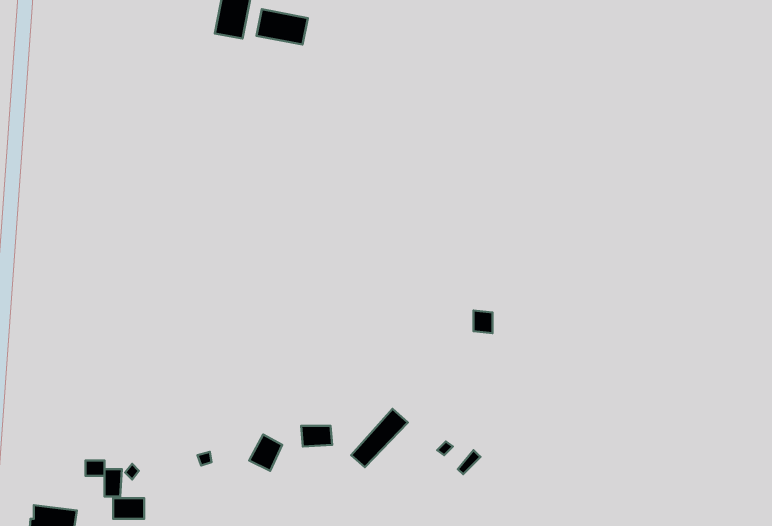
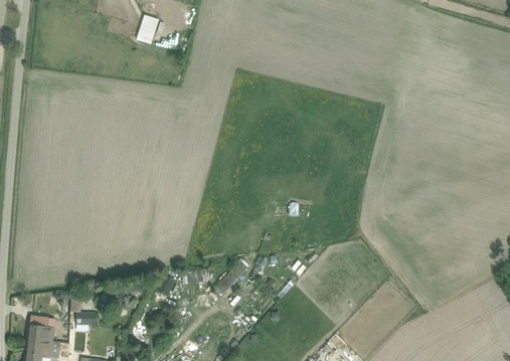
building: [257,9,308,45] -> none

